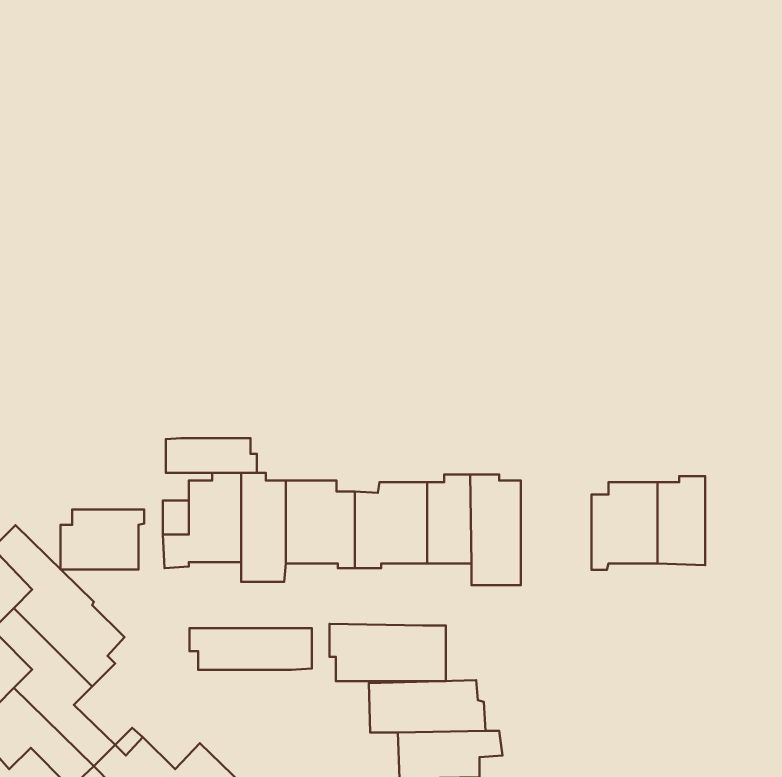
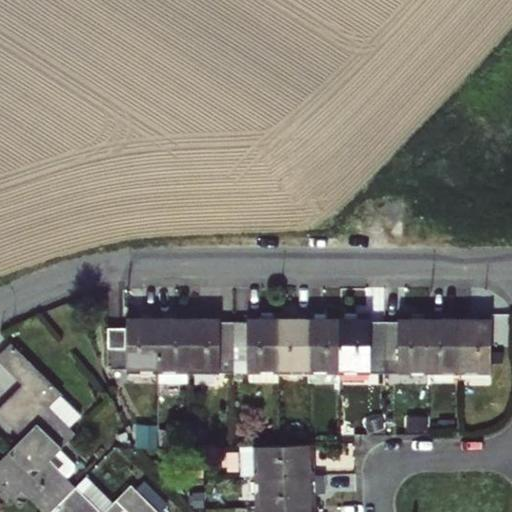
building: [166,438,257,473] -> none
building: none -> [459,315,491,373]
building: none -> [339,318,385,376]
building: [61,509,144,569] -> none
building: [329,624,446,681] -> none
building: [190,628,312,670] -> none

